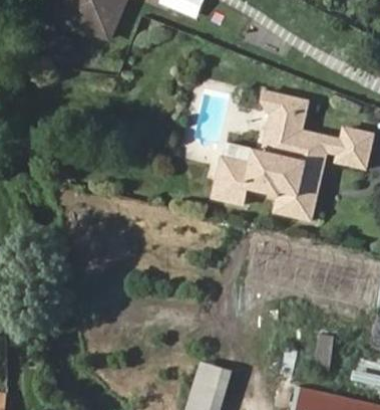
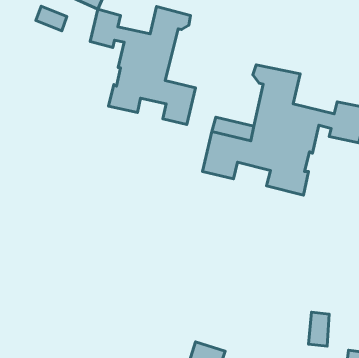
building: none -> [90,6,196,125]

